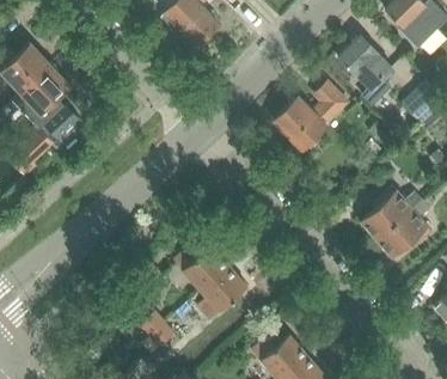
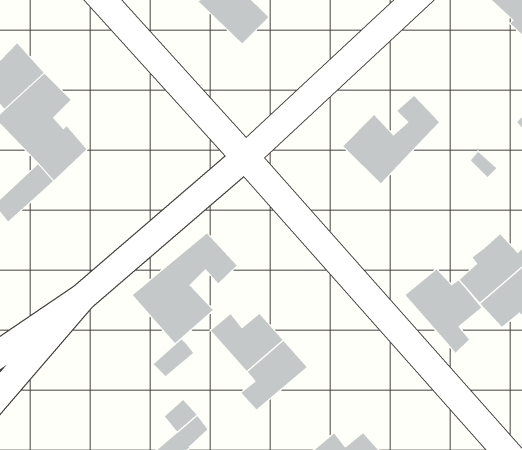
building: [338,36,392,105] -> none
building: none -> [132,232,238,344]
building: none -> [405,269,482,353]

